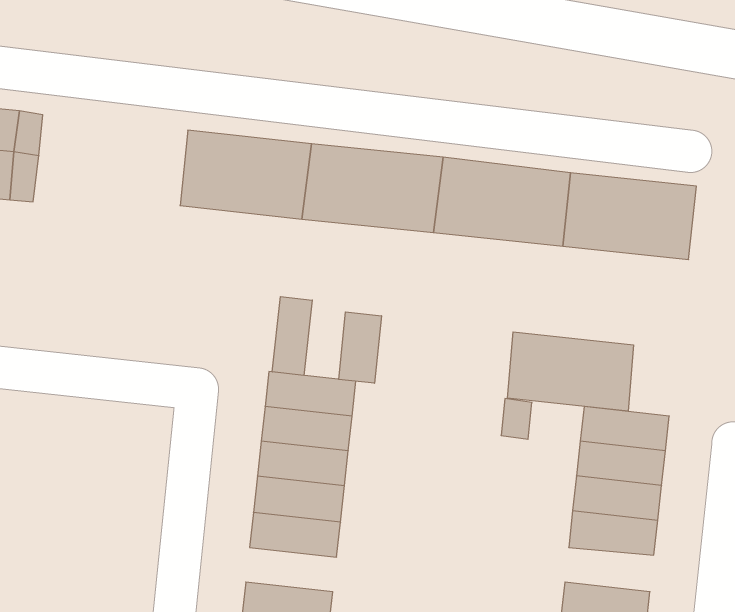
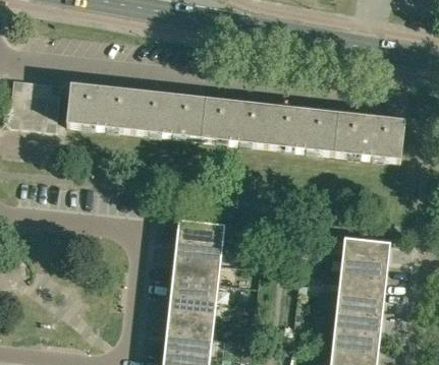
building: none -> [65,82,135,129]
building: [272,297,312,375] -> none
building: [339,312,381,383] -> none
building: [508,332,633,411] -> none
building: none -> [166,309,214,332]
building: none -> [334,309,381,332]

